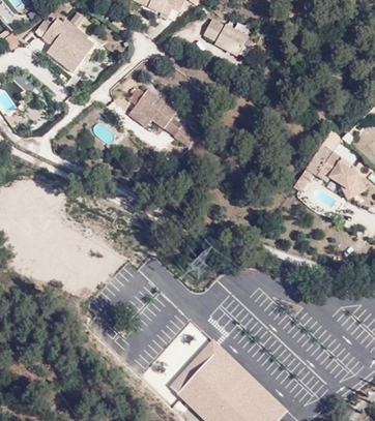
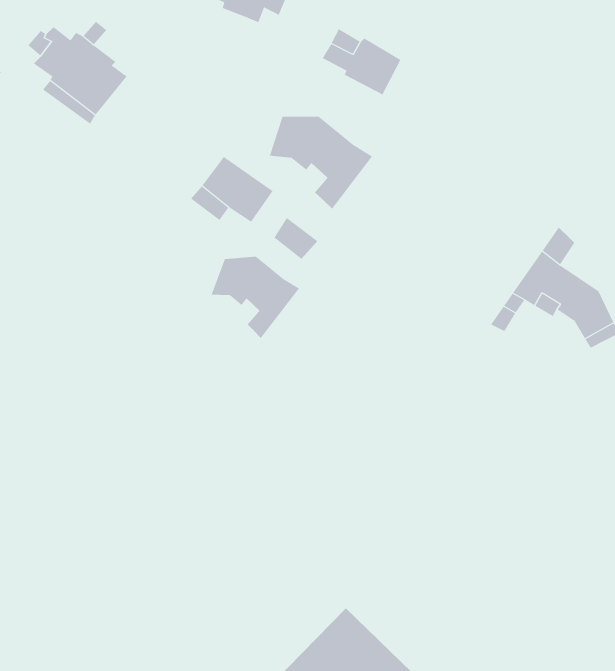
building: none -> [269,116,373,209]
building: none -> [211,256,300,339]

